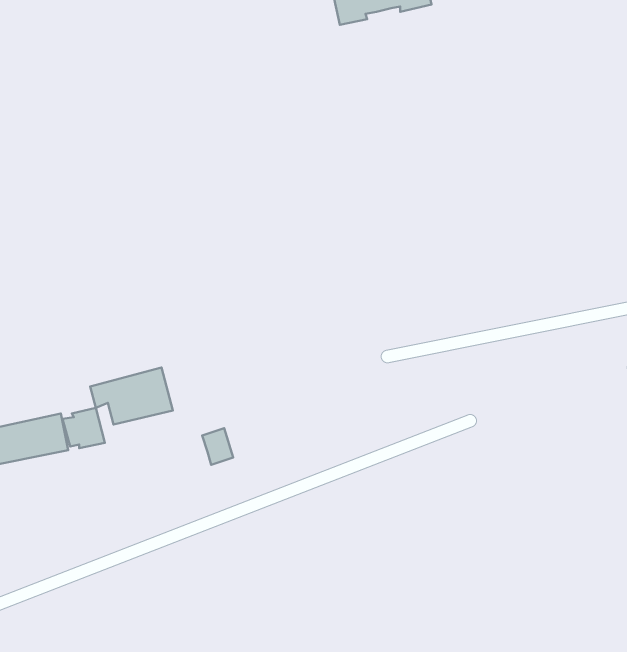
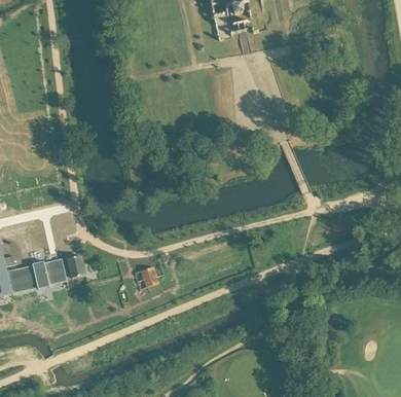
building: [90,368,173,424] -> none

